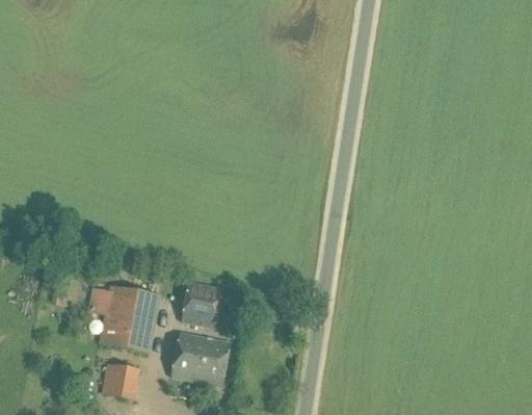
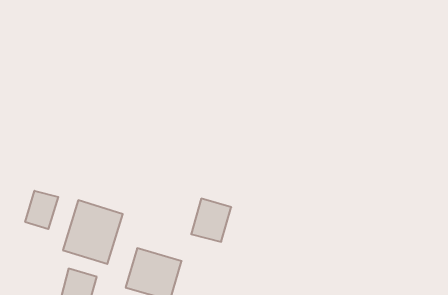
building: none -> [25,191,58,229]
building: [180,281,221,327] -> [191,199,231,242]

